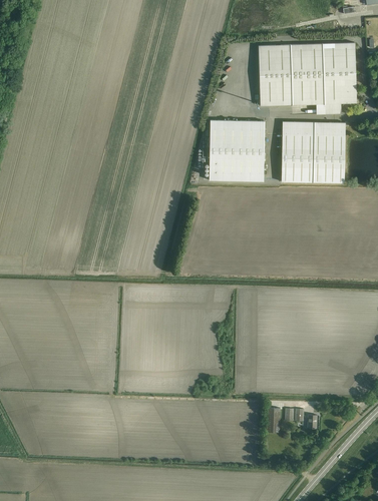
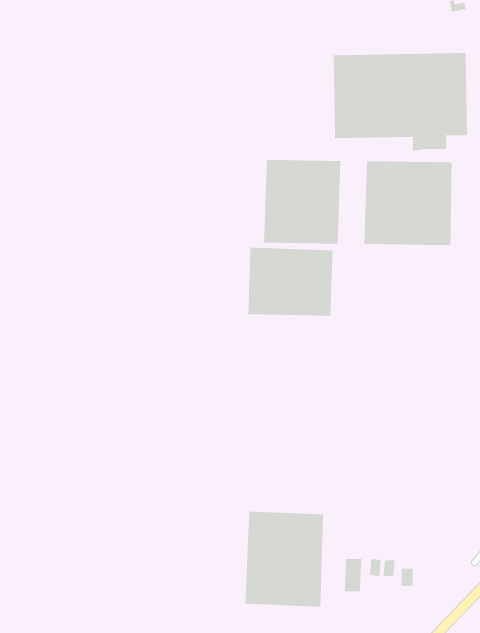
building: none -> [248,247,333,317]
building: none -> [245,511,324,607]

